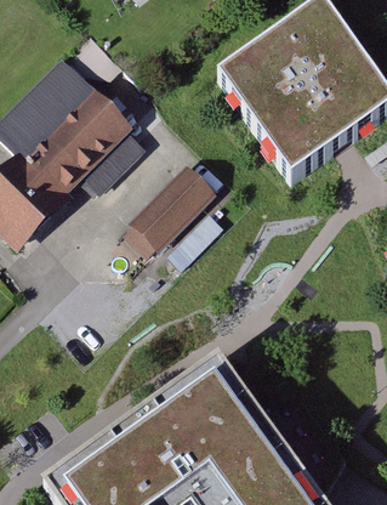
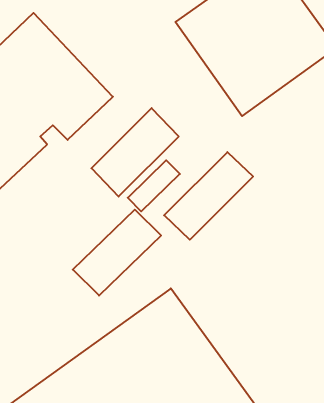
building: none -> [164,152,253,240]
building: none -> [73,210,161,296]

